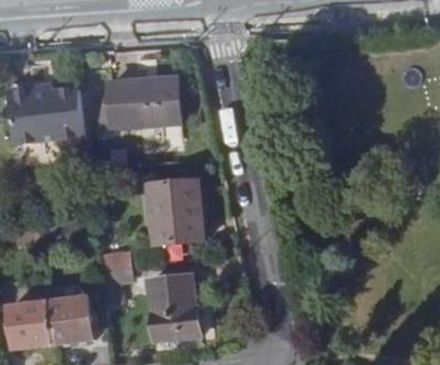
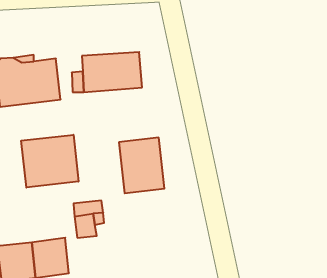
building: none -> [21,135,78,188]
building: [152,276,199,340] -> none

